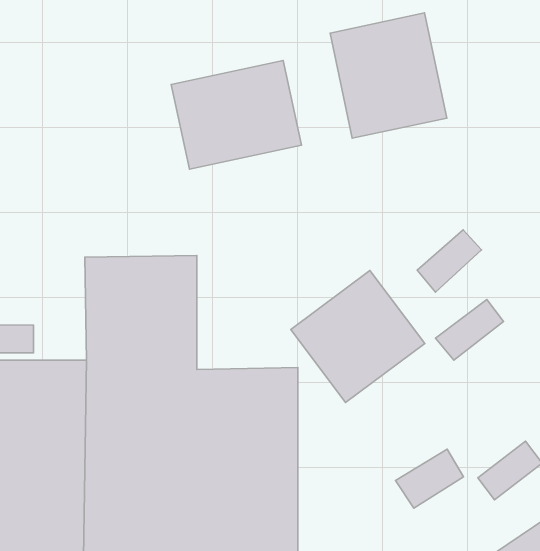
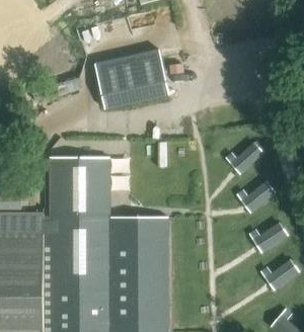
building: [330,13,447,138] -> none
building: [291,270,425,403] -> none
building: [396,449,464,508] -> [251,219,289,251]

